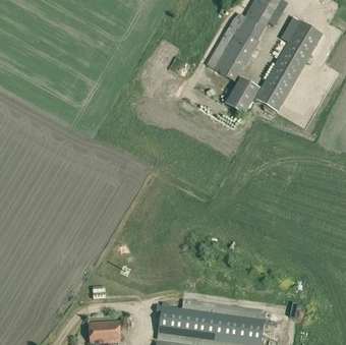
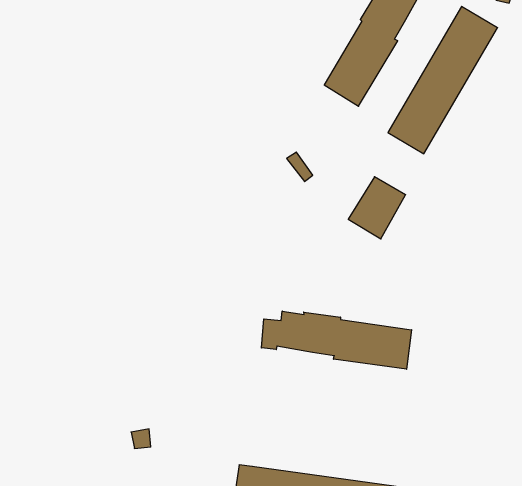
building: [224,76,260,115] -> [348,177,406,239]
building: none -> [261,311,412,369]

